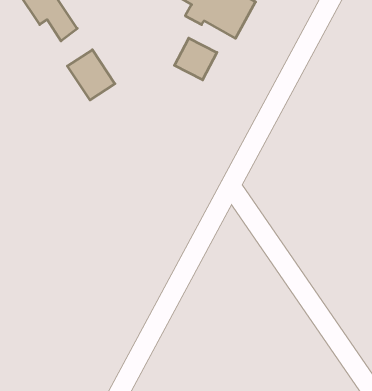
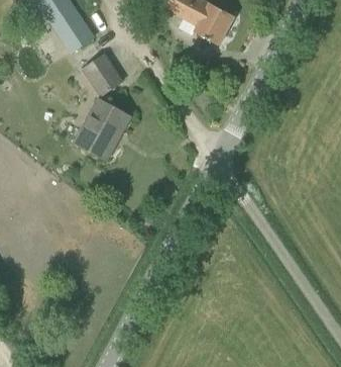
building: [174,38,217,80] -> none
building: none -> [76,99,129,159]

